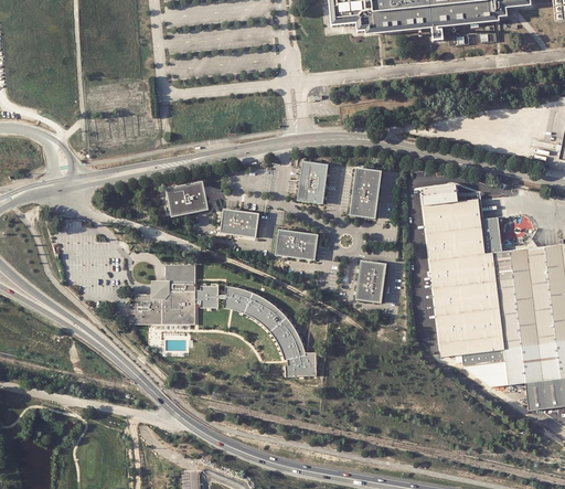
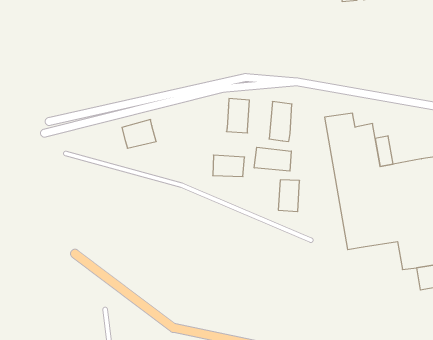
building: [221,209,258,235] -> none
building: none -> [254,147,291,171]
building: [138,266,319,375] -> none
building: [460,350,508,387] -> none

